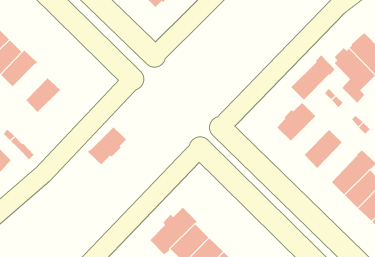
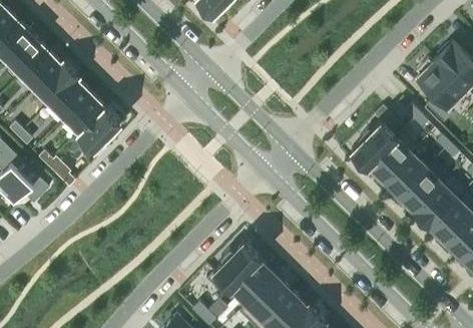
building: [291,55,335,100] -> [368,130,419,183]
building: none -> [50,79,90,120]
building: [87,126,127,165] -> [75,108,120,152]
building: none -> [398,169,443,214]

